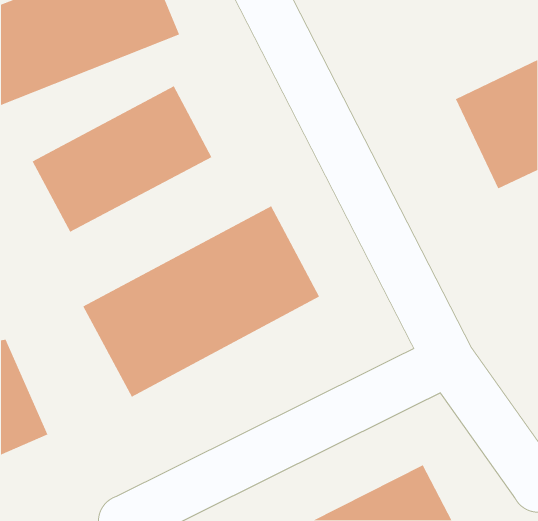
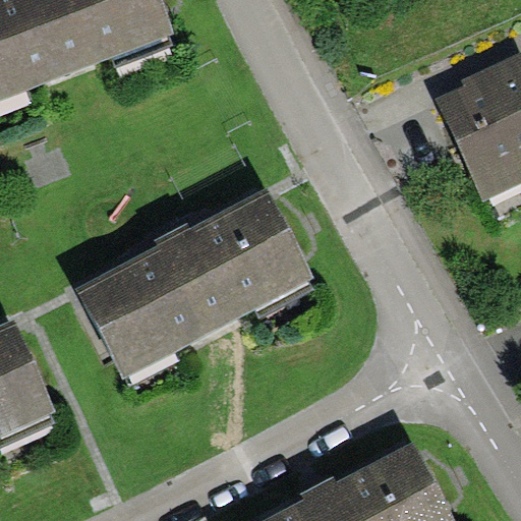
building: [31,85,212,233] -> none

